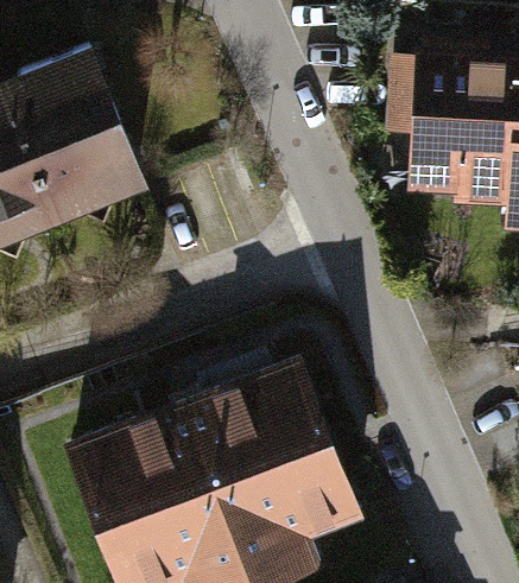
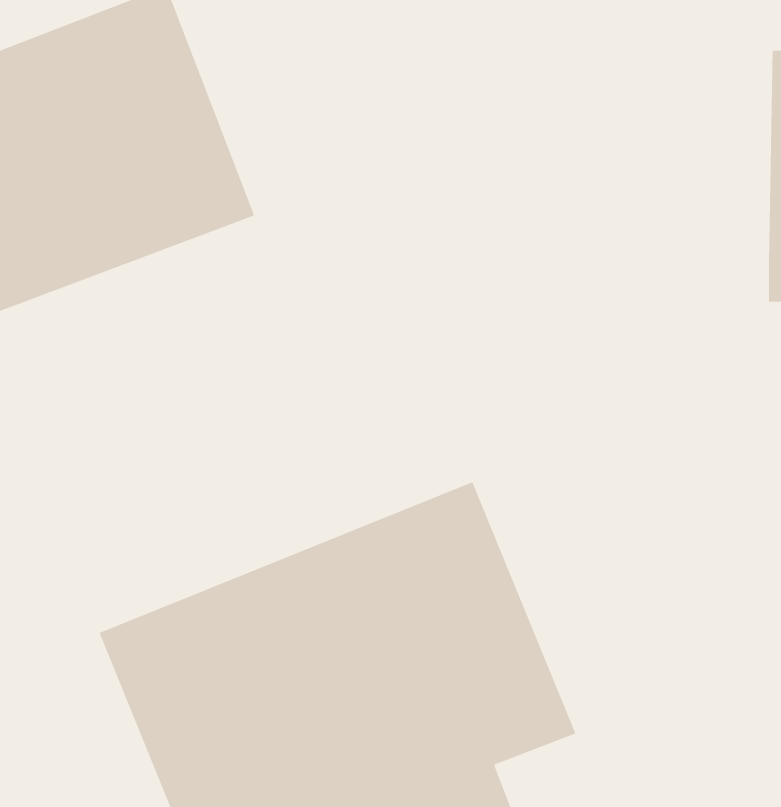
building: [387,58,498,214] -> none

